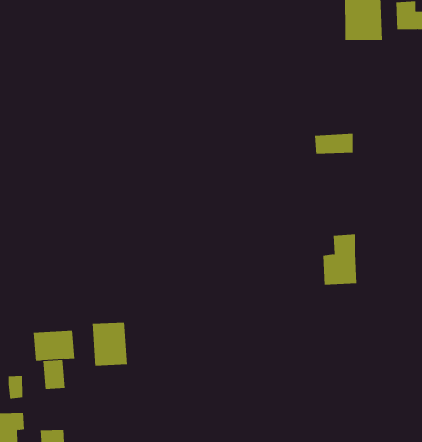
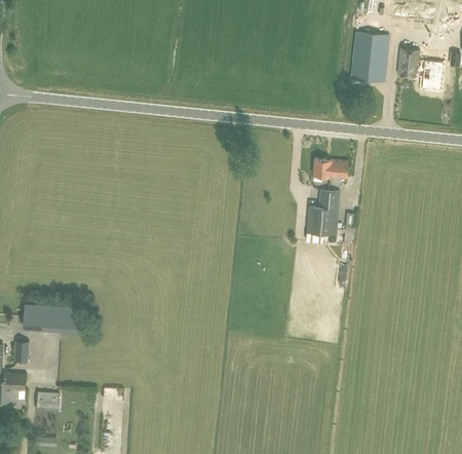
building: [322,234,357,285] -> [306,190,340,235]
building: [92,322,127,366] -> none
building: [43,360,66,390] -> [23,303,42,330]

